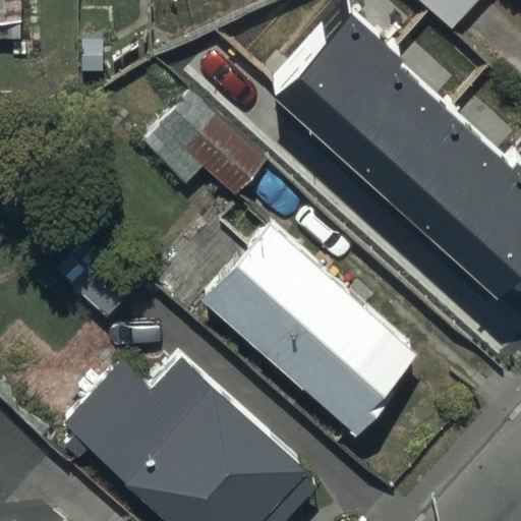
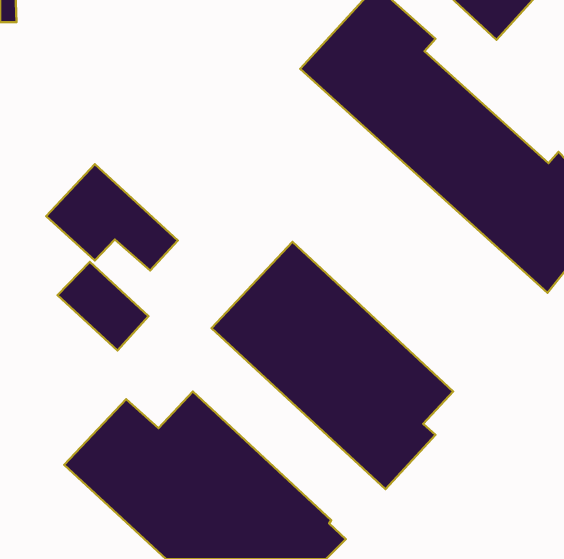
building: [142,94,264,191] -> [46,164,178,270]

